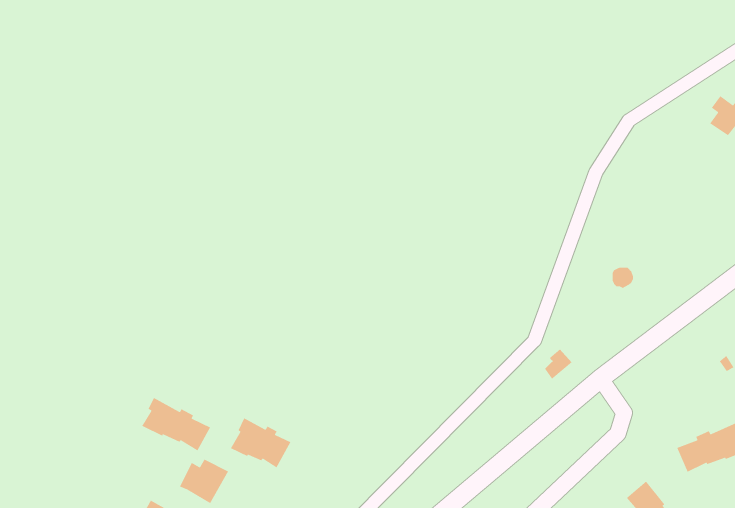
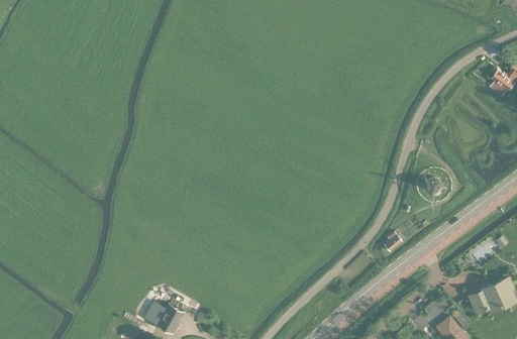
building: [141,397,211,452] -> none
building: [230,417,291,470] -> none

